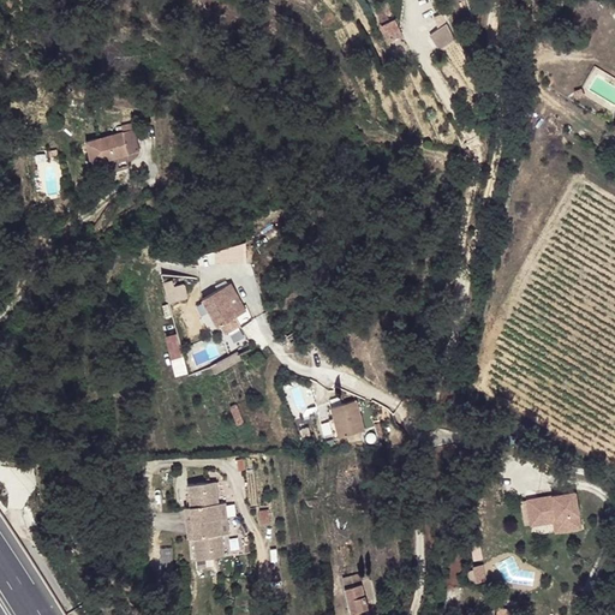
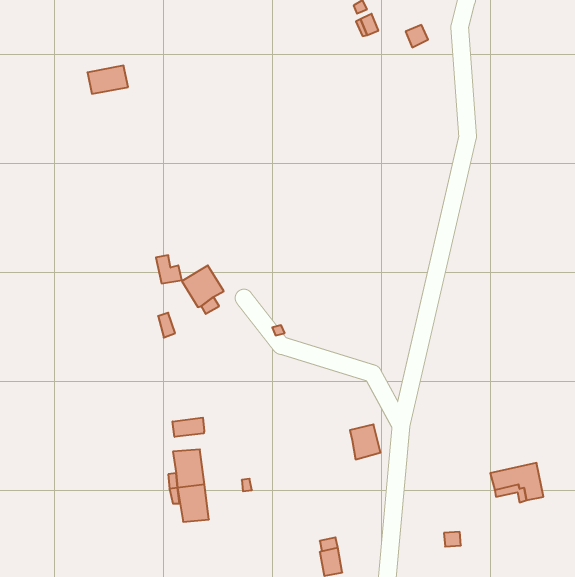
building: [92,133,136,163] -> [87,66,128,94]
building: [329,398,362,435] -> [350,424,380,459]
building: none -> [173,418,204,437]

